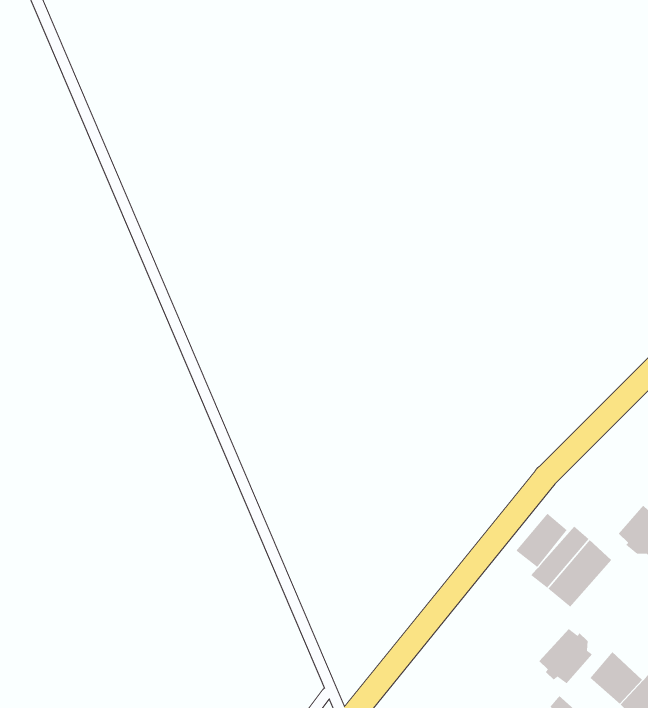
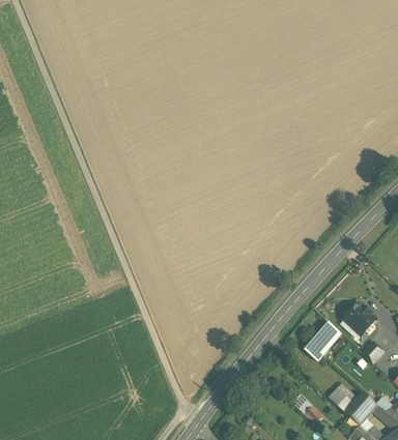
building: [515,513,568,568] -> none
building: [538,628,593,684] -> none

